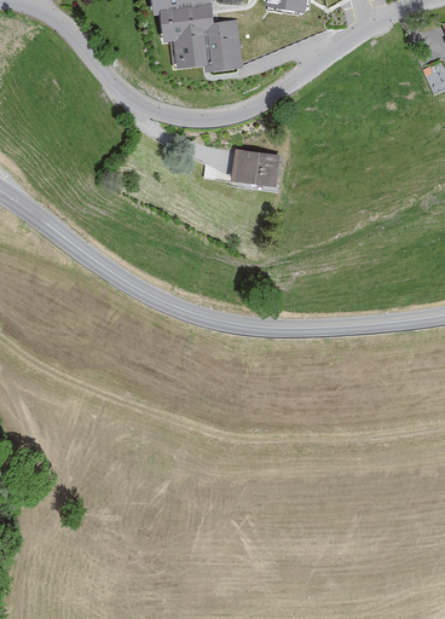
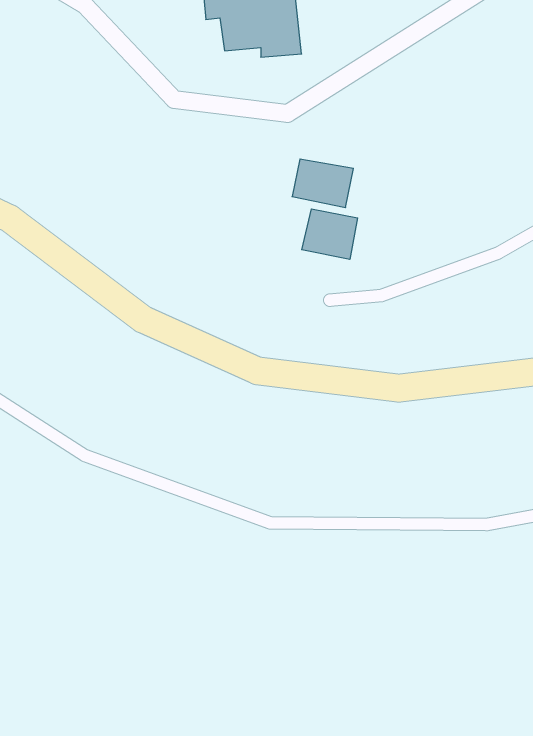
building: none -> [302,209,358,259]

